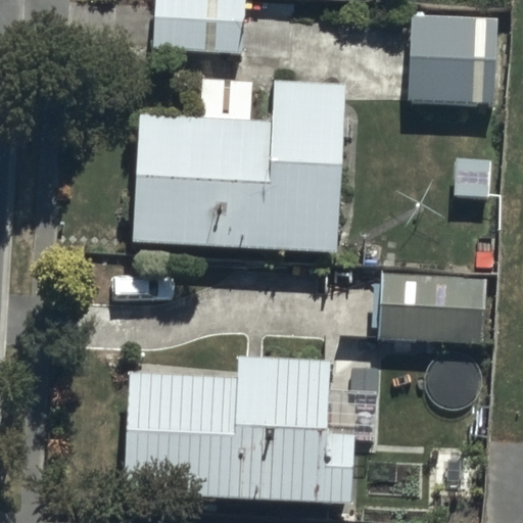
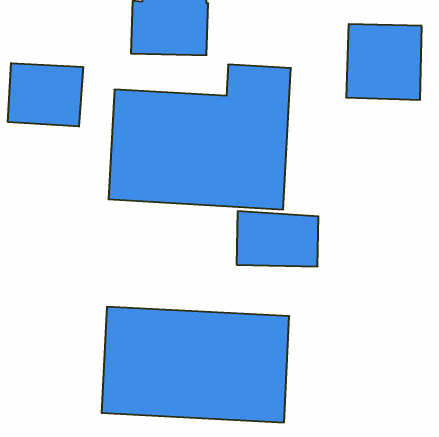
building: none -> [8,63,83,127]
building: [385,286,482,351] -> [237,211,318,266]

